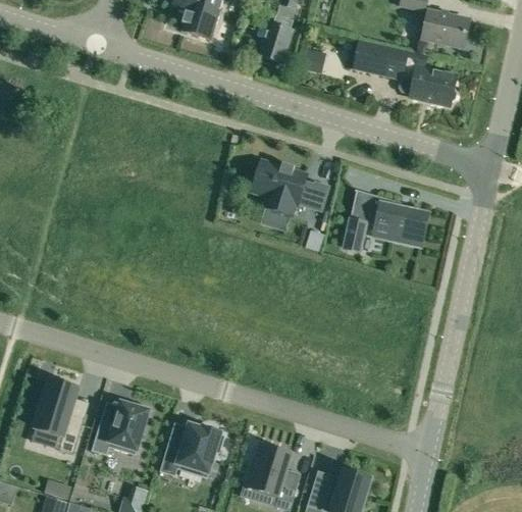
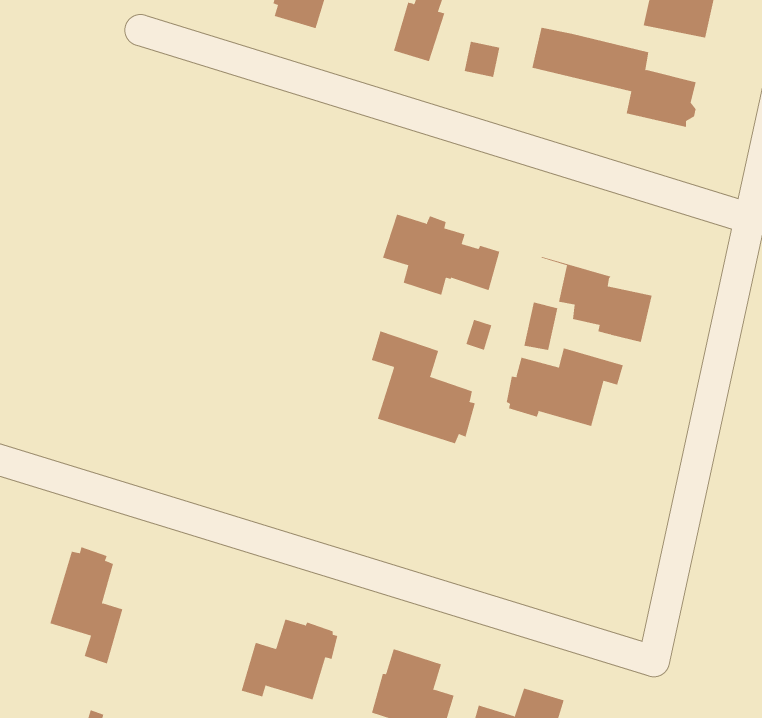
building: none -> [371,330,475,444]
building: none -> [506,347,624,427]
building: [92,401,150,455] -> none

